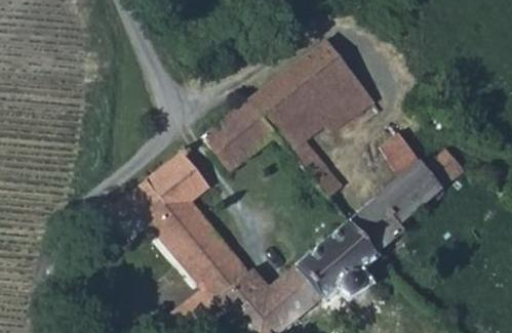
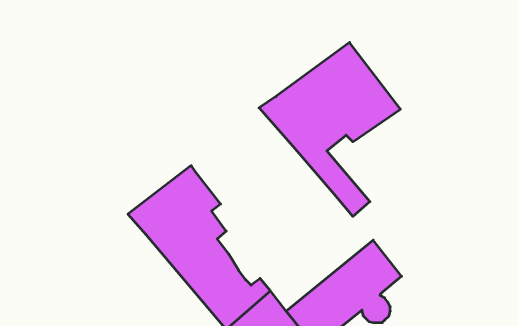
building: [203,100,275,170] -> none
building: [348,134,465,253] -> none

